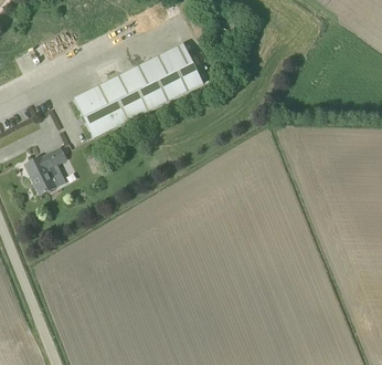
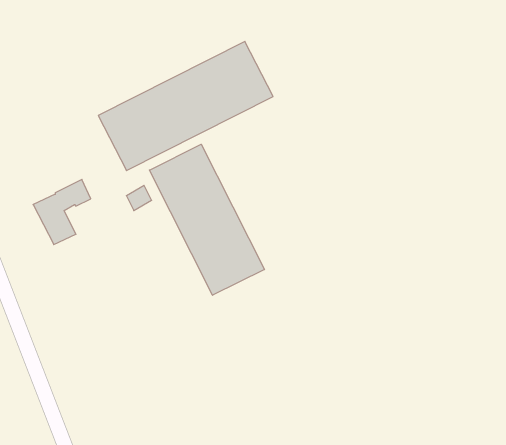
building: none -> [149,144,264,295]

